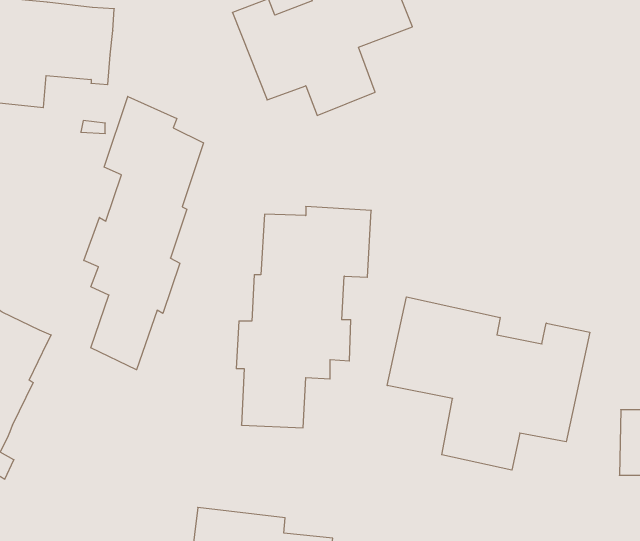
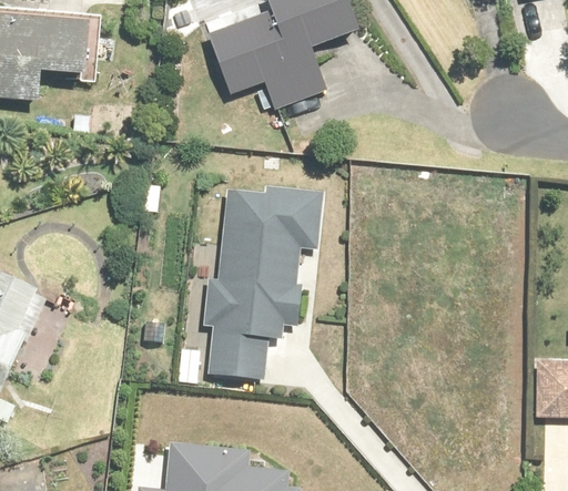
building: [84,96,203,370] -> none
building: [387,297,590,470] -> none

